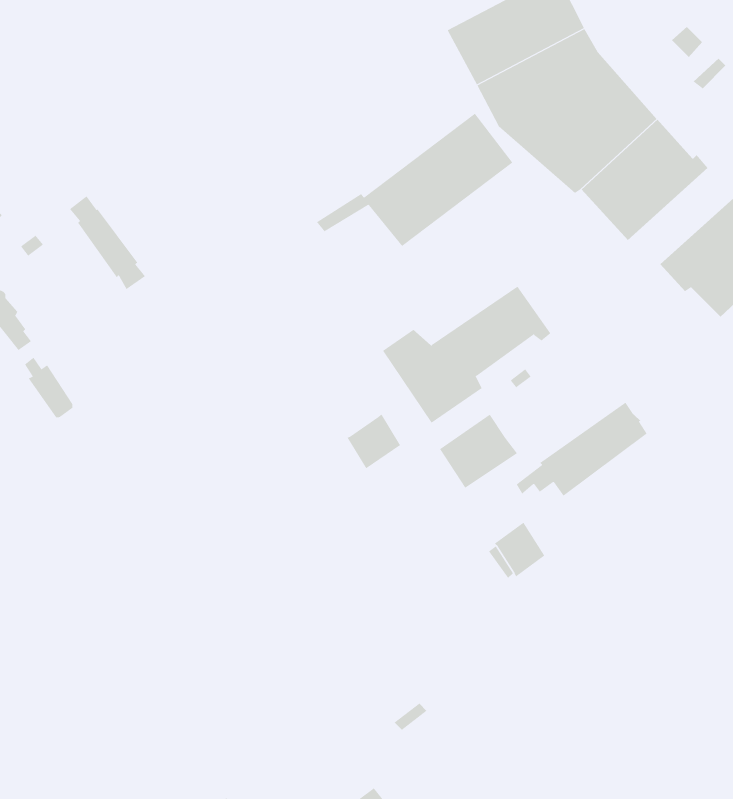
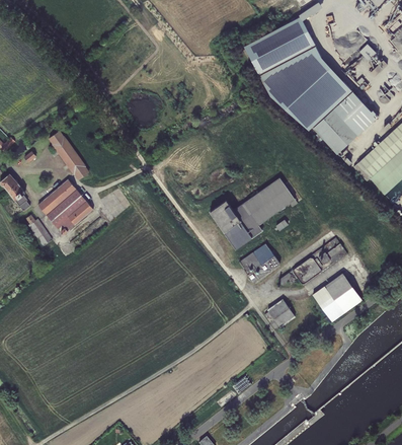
building: [316,113,513,247] -> none
building: none -> [38,178,94,235]
building: [347,414,401,469] -> none
building: none -> [313,273,361,320]

